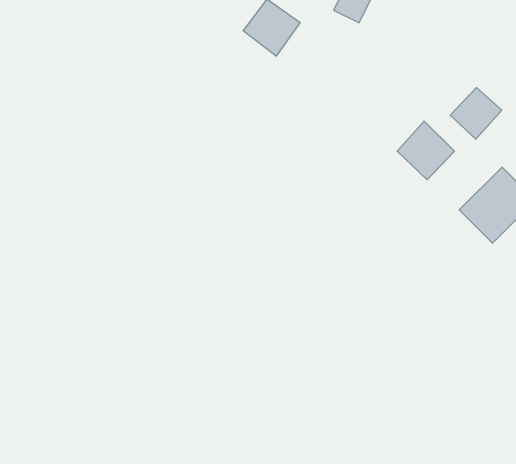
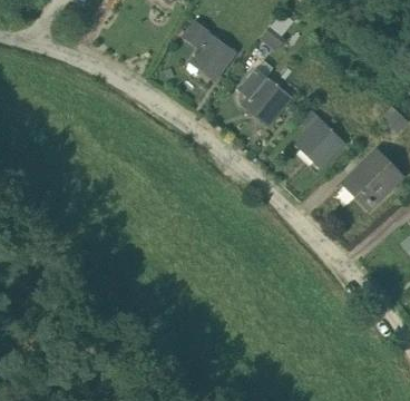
building: none -> [247,77,289,117]
building: [450,88,502,139] -> none

